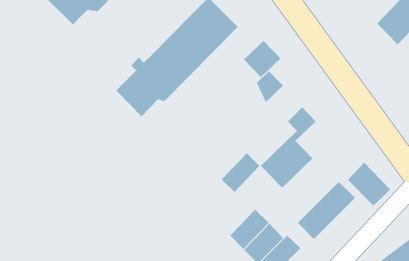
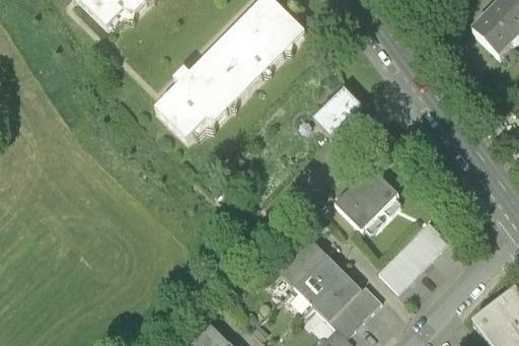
building: [243,40,281,78] -> none
building: [221,153,260,193] -> [279,237,326,286]
building: [347,162,391,207] -> none

